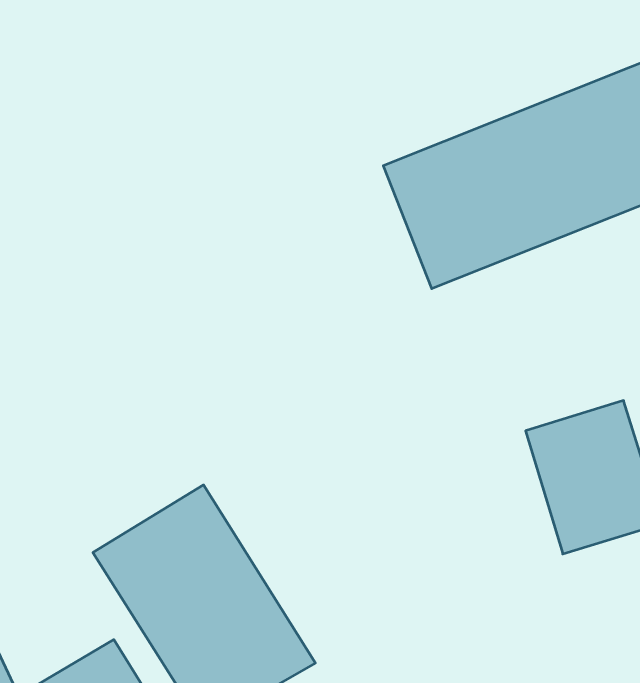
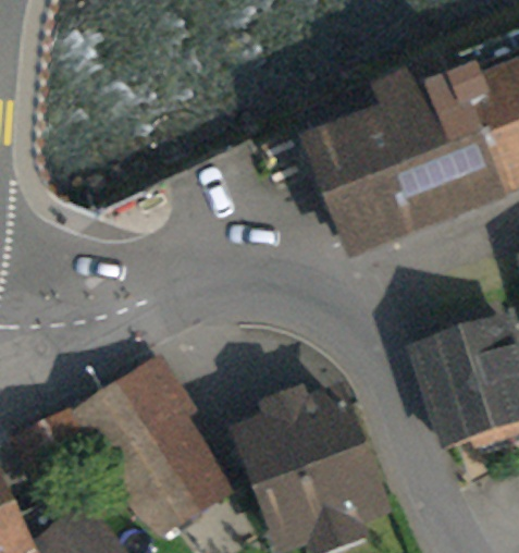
building: none -> [244,397,373,533]

